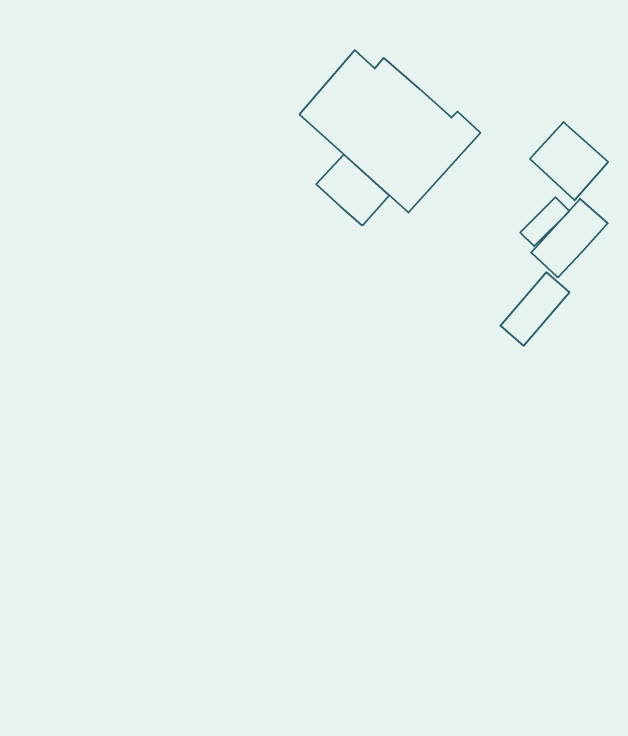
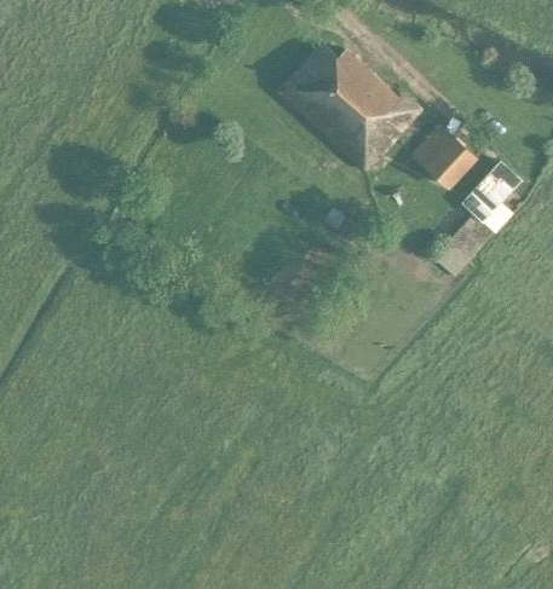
building: [530,122,608,200] -> [414,126,476,187]
building: [316,154,389,225] -> none

